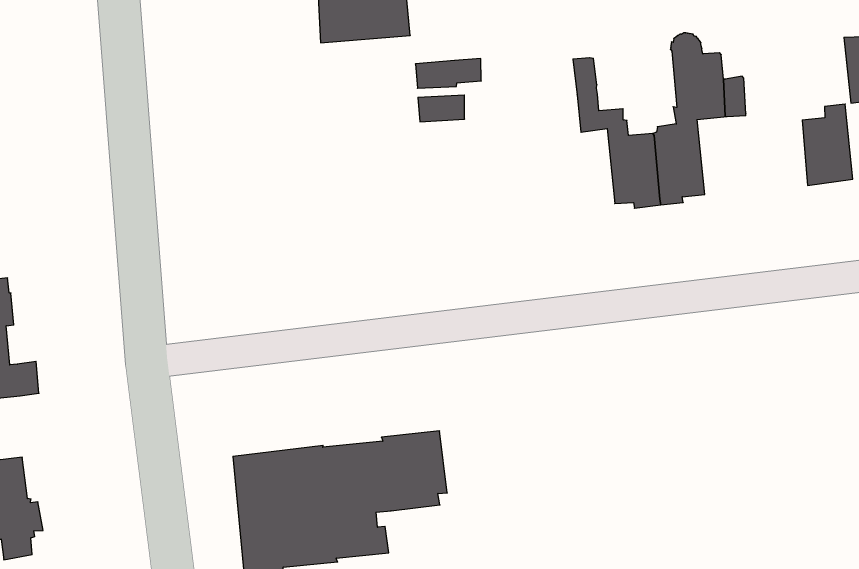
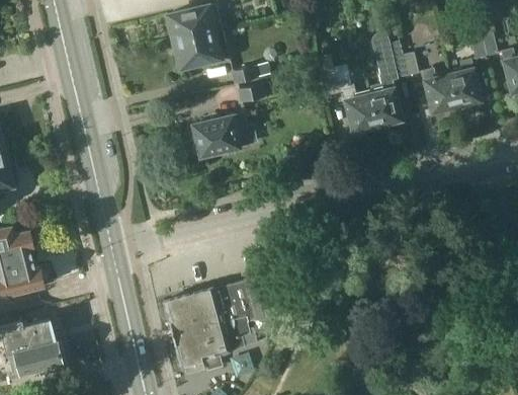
building: none -> [422,69,457,113]
building: none -> [192,113,256,156]

